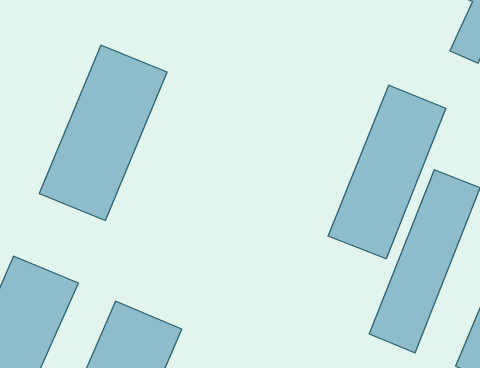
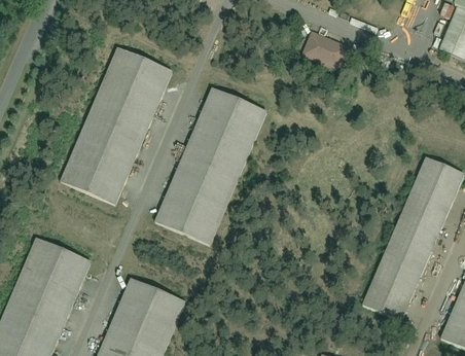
building: none -> [301,31,349,72]
building: [328,85,446,259] -> none
building: none -> [158,88,271,243]

